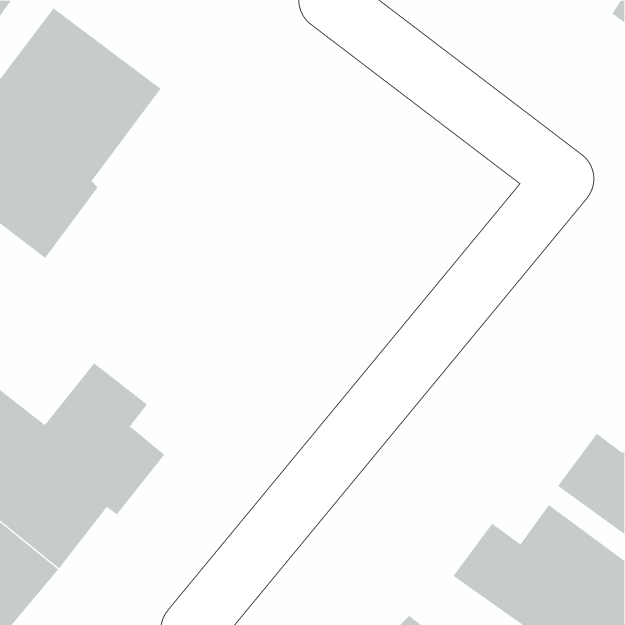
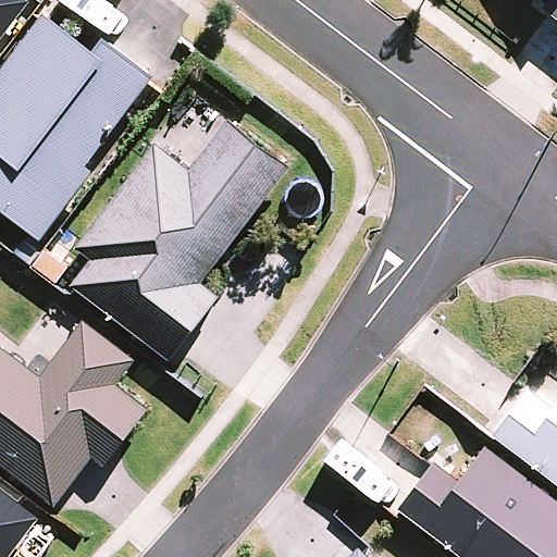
building: none -> [67,121,287,355]

